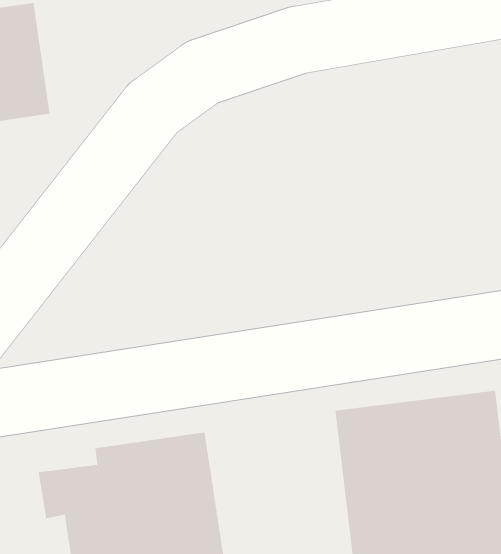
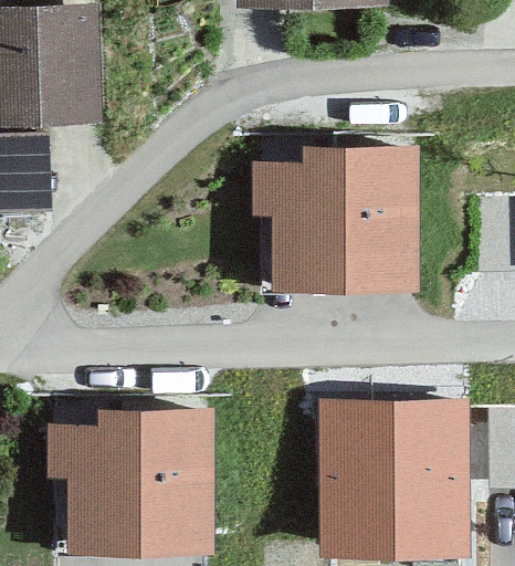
building: none -> [258,149,410,275]

